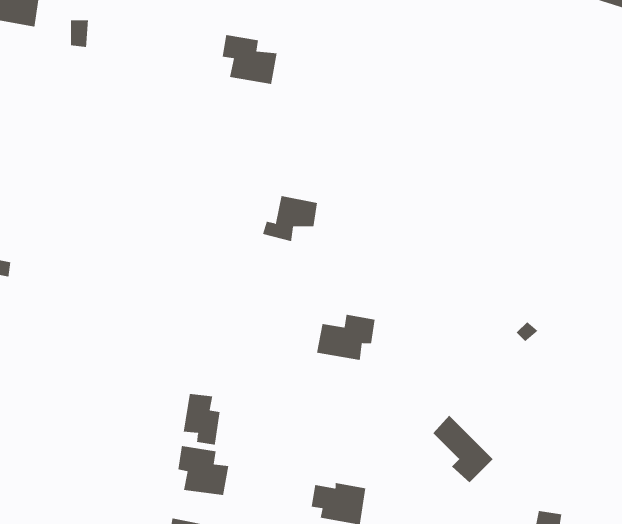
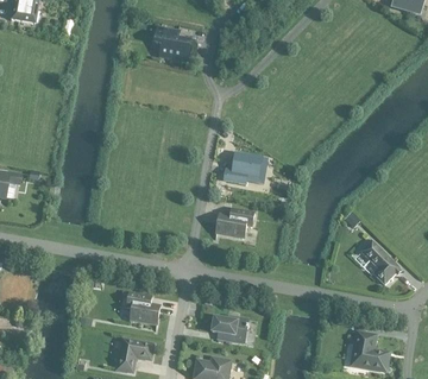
building: [262,195,318,242] -> [225,156,260,185]
building: [183,393,220,445] -> none
building: [433,415,494,483] -> [360,239,399,283]

